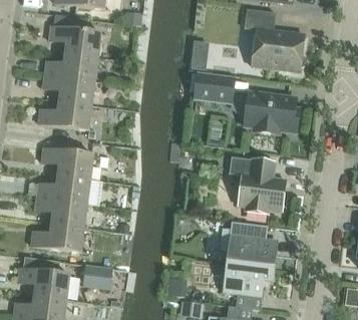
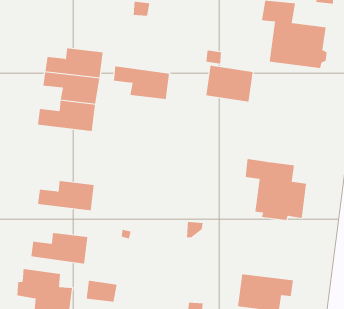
building: [49,26,101,57] -> [113,66,170,99]
building: [245,91,296,133] -> none
building: [41,148,93,180] -> none
building: [35,198,87,228] -> none
building: [226,220,278,268] -> none

